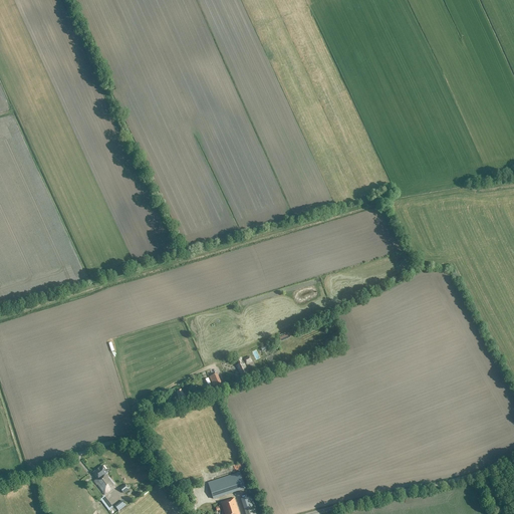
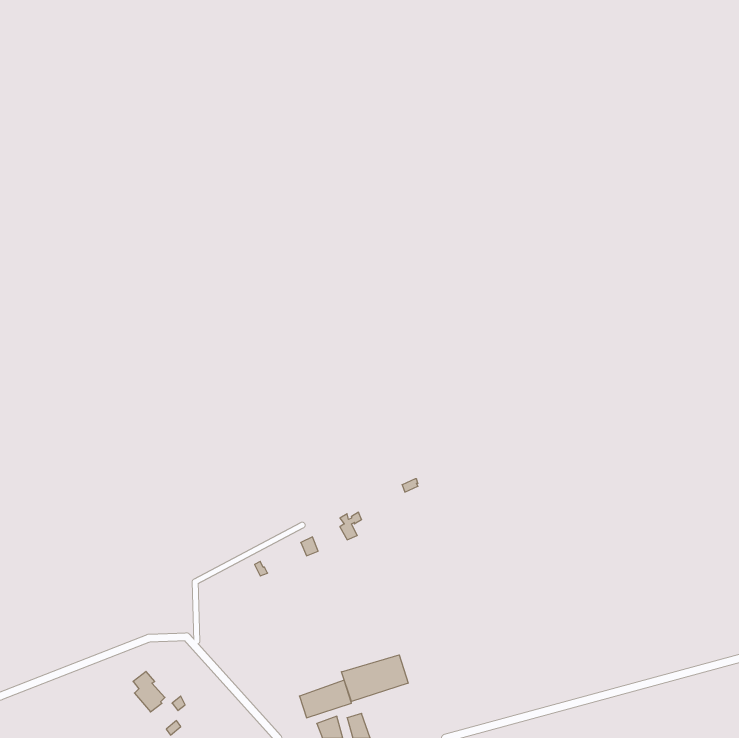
building: none -> [341,655,408,702]

